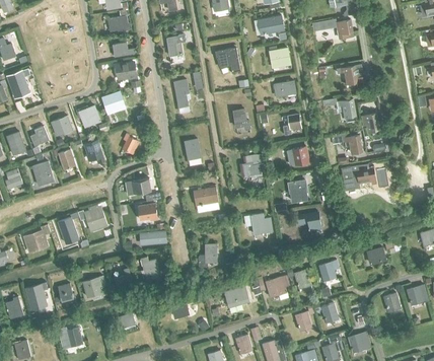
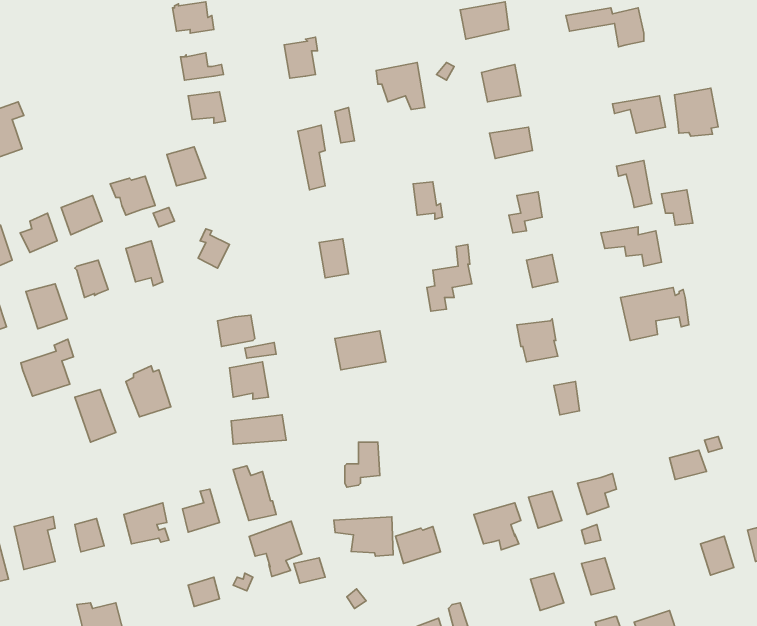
building: none -> [675,88,718,136]
building: [242,213,272,235] -> none
building: [23,224,51,254] -> [21,339,74,396]
building: none -> [334,517,393,556]
building: none -> [249,521,302,576]

